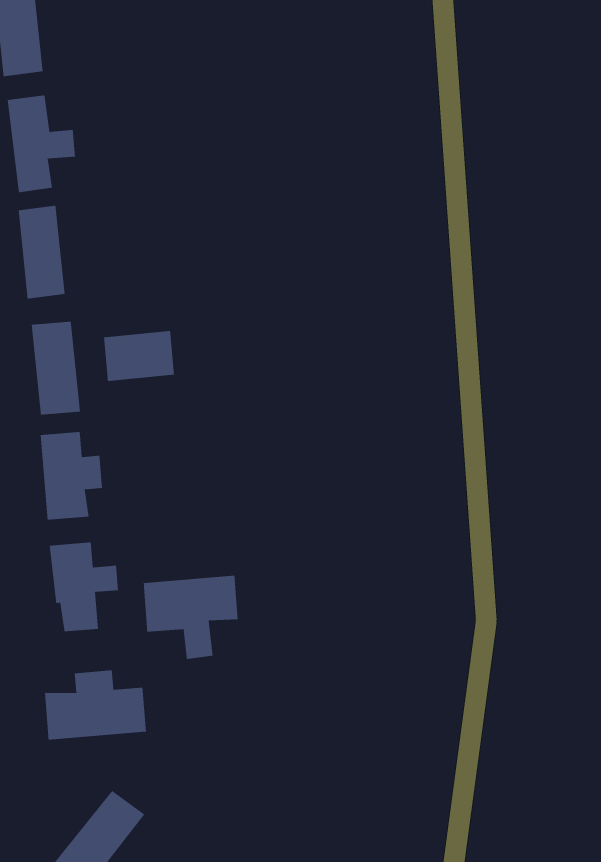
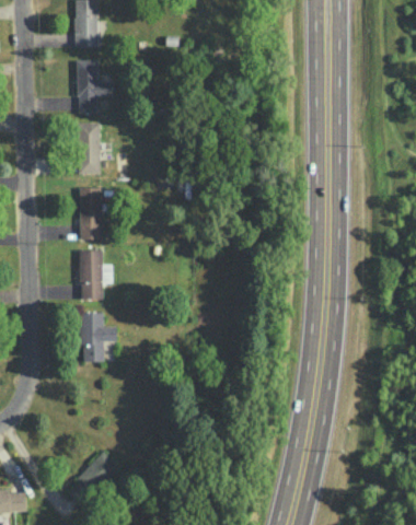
building: [104,330,174,382] -> none
building: [143,575,238,660] -> none
building: [44,670,147,740] -> none

